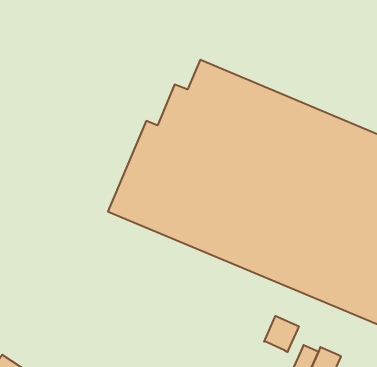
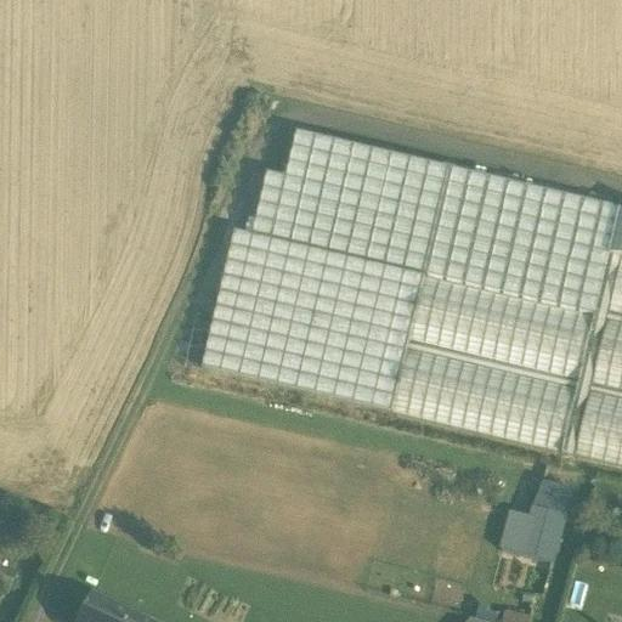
building: [264,316,299,352] -> none
building: none -> [539,479,571,514]

